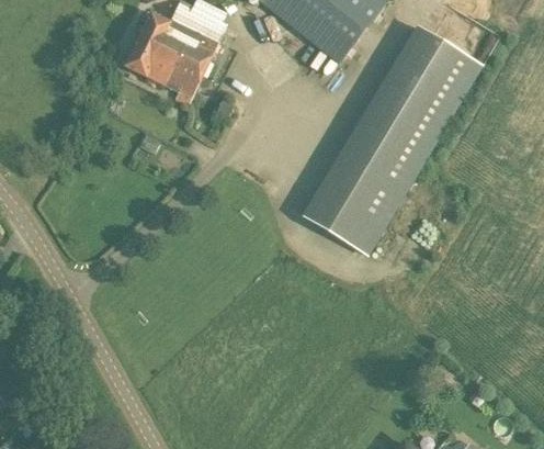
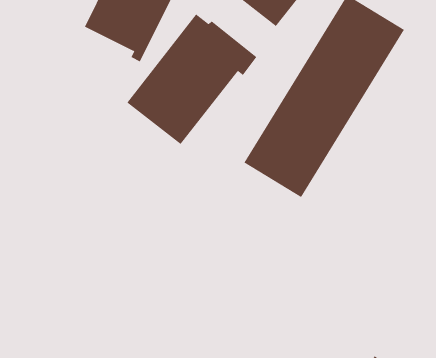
building: none -> [127,13,257,145]

